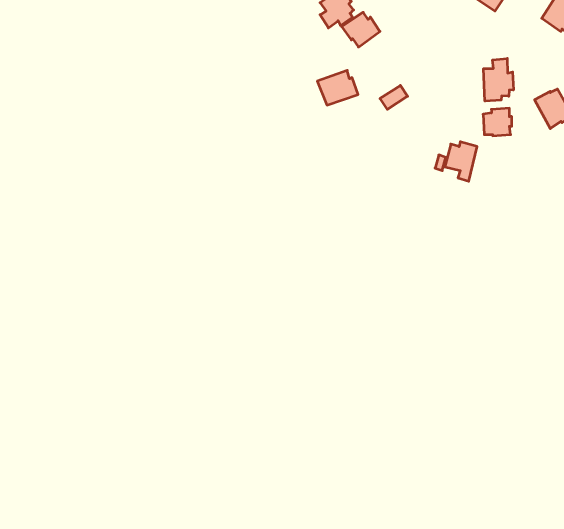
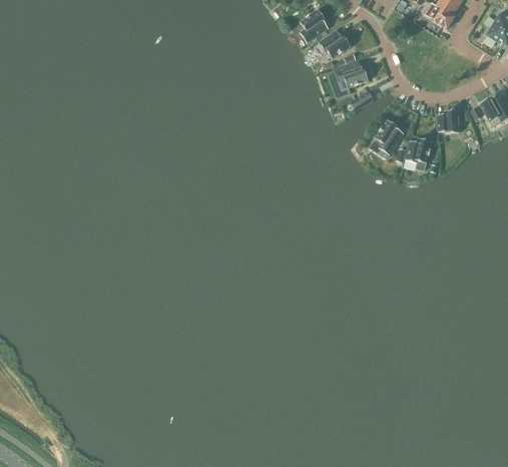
building: [484,58,513,101] -> none
building: [317,70,358,105] -> [335,61,369,90]
building: none -> [369,120,404,155]

